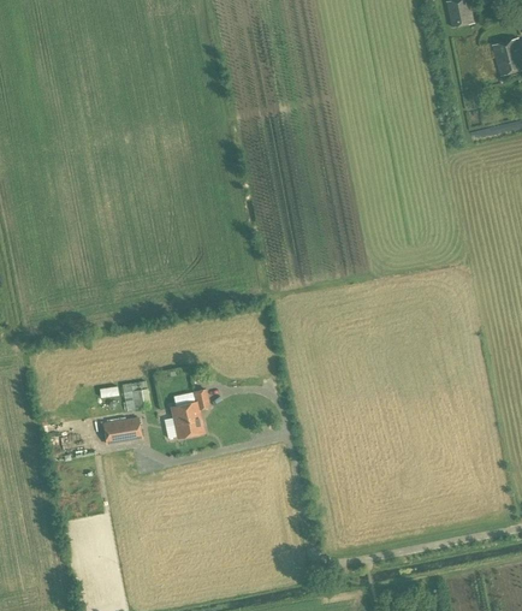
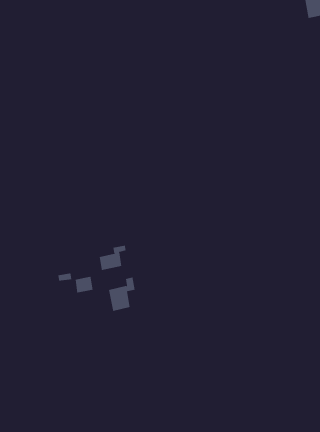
building: none -> [99,245,126,271]
building: [102,416,142,444] -> none

